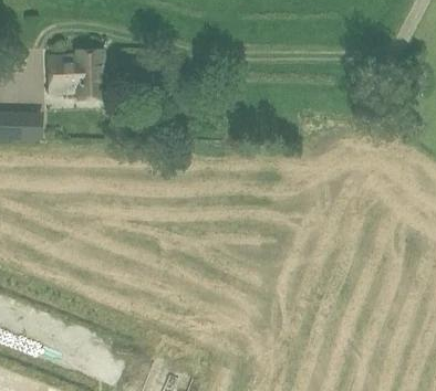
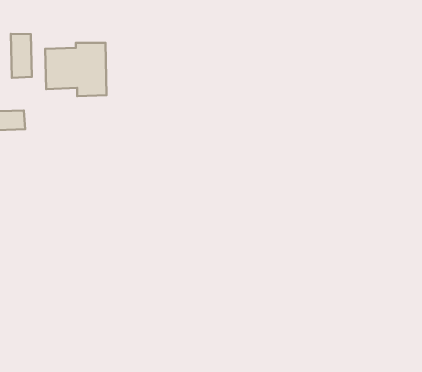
building: none -> [11,34,32,78]

